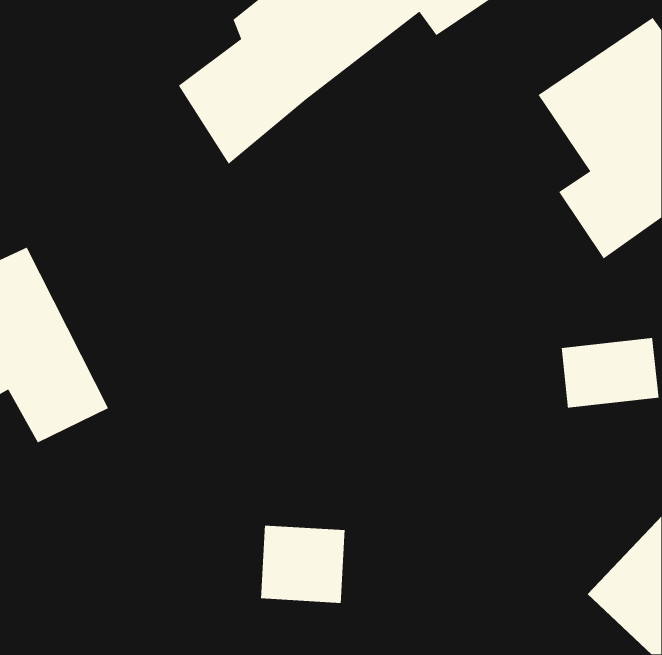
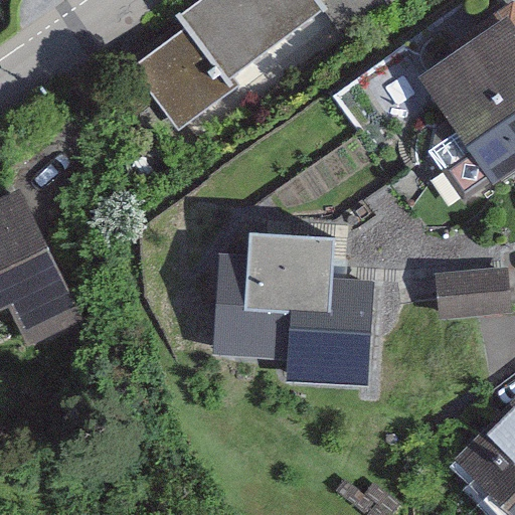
building: none -> [216,235,379,389]
building: [260,525,346,604] -> none

